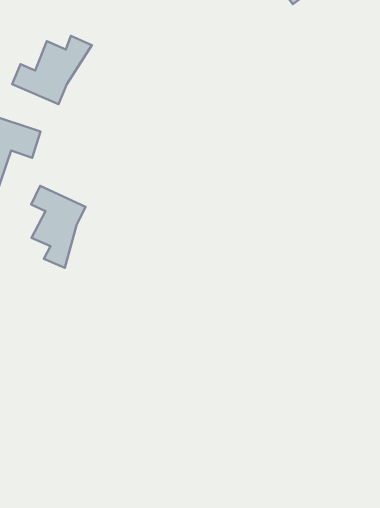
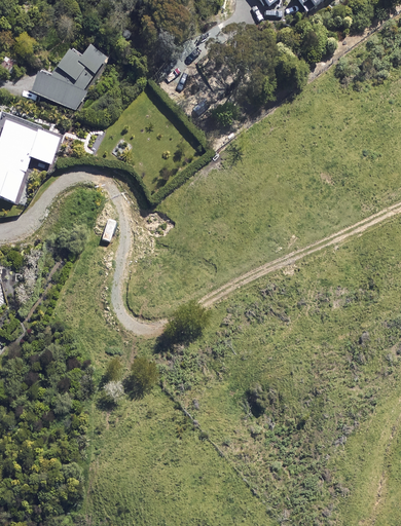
building: [31,186,85,268] -> none

